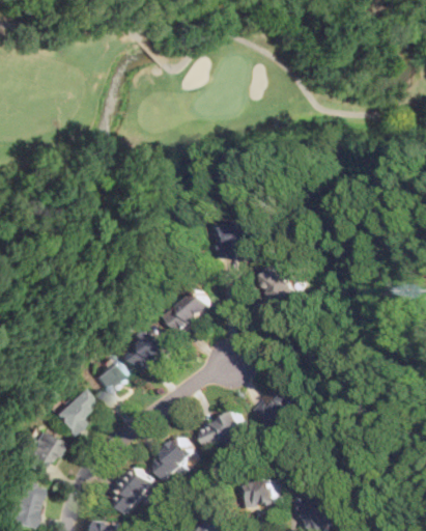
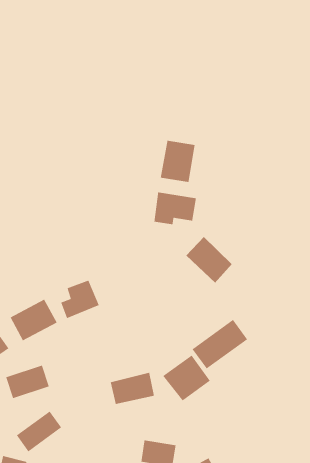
building: none -> [160,140,195,183]
building: [164,288,212,333] -> none
building: none -> [191,319,248,370]
building: [149,439,197,479] -> [5,365,50,399]

